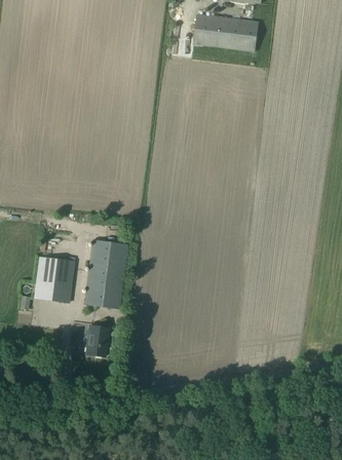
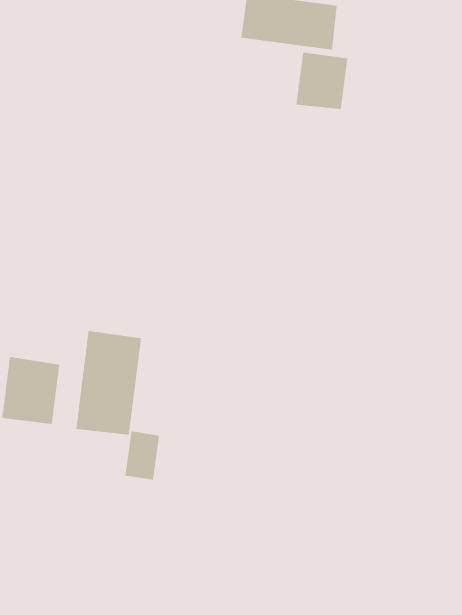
building: none -> [296,52,348,110]
building: [84,324,108,357] -> [125,431,160,480]

